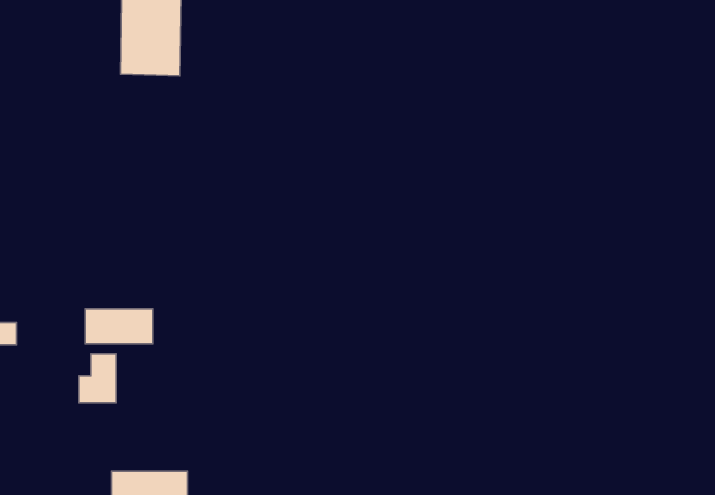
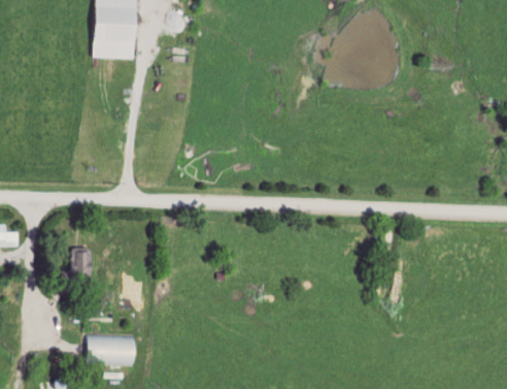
building: [85,309,153,344] -> none

